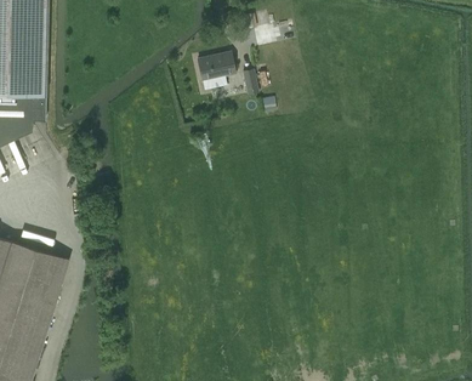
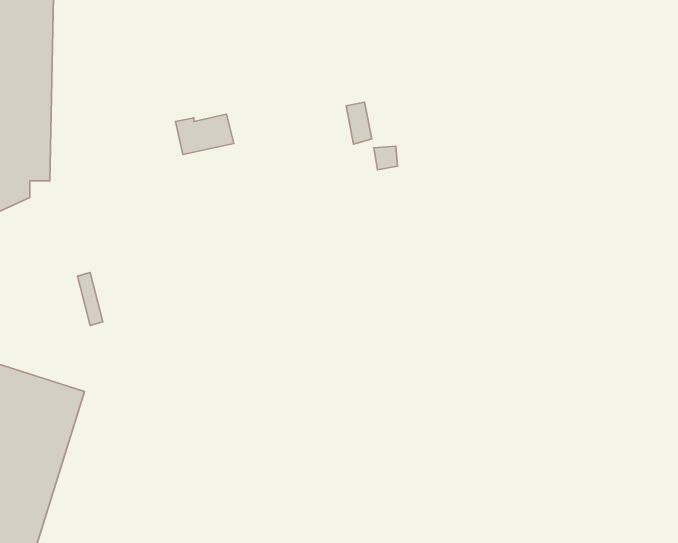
building: [195,55,234,81] -> [175,114,234,154]

